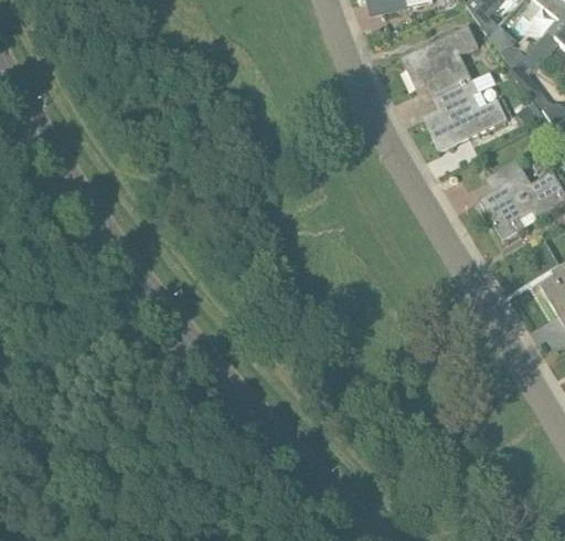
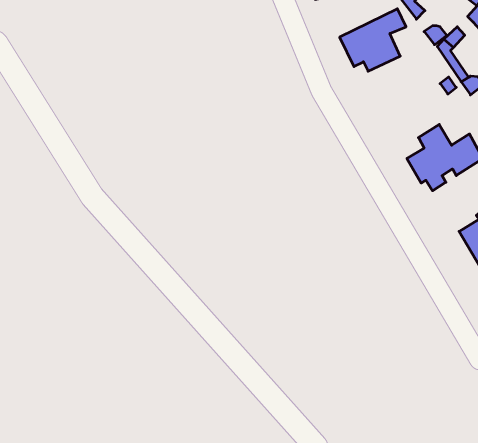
building: [424,79,508,151] -> none

